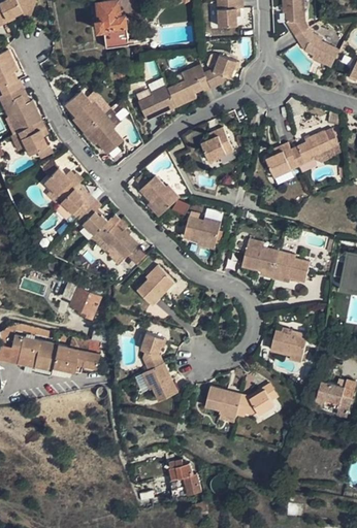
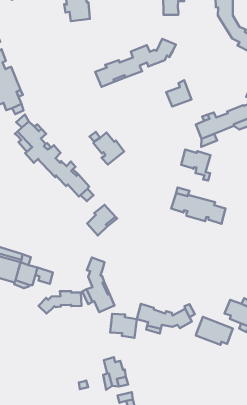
building: [64,91,122,155] -> none
building: [200,128,232,162] -> [166,80,191,106]
building: [184,219,221,256] -> [181,150,210,180]
building: [68,288,101,321] -> none
building: [271,332,309,363] -> none
building: none -> [39,291,81,314]
building: none -> [196,317,233,345]
building: none -> [110,314,137,338]

